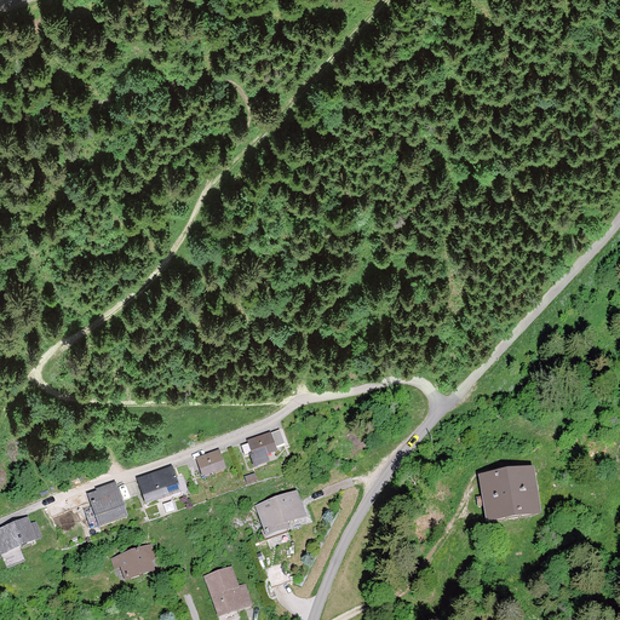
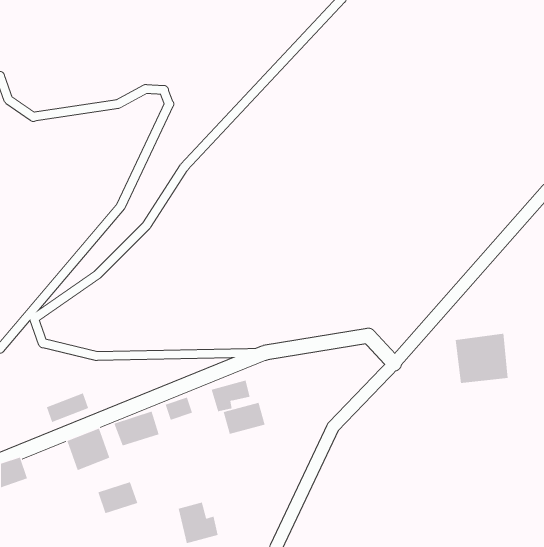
building: none -> [46,392,89,423]
building: [478,466,539,523] -> [455,333,508,384]
building: [256,493,304,529] -> [223,402,266,435]

